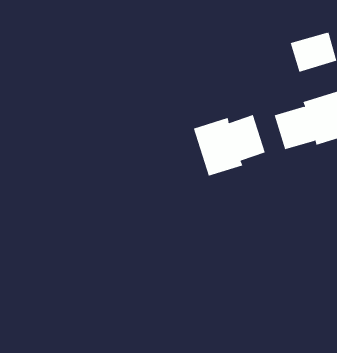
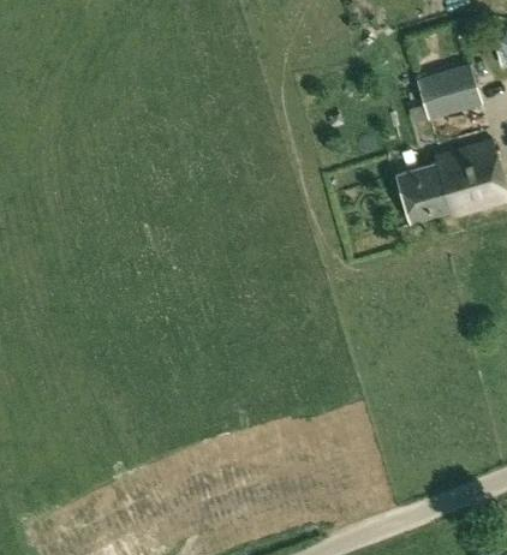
building: [193,114,265,177] -> none

